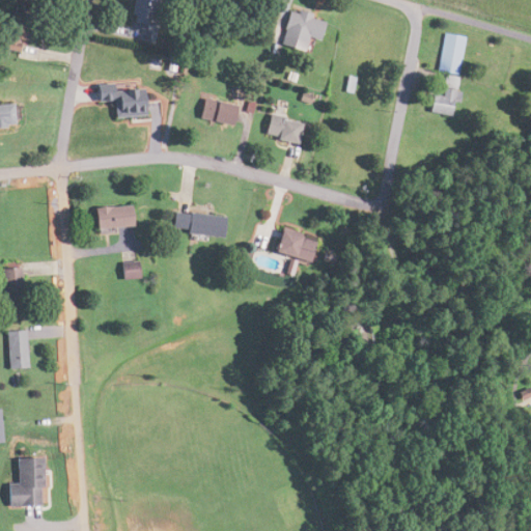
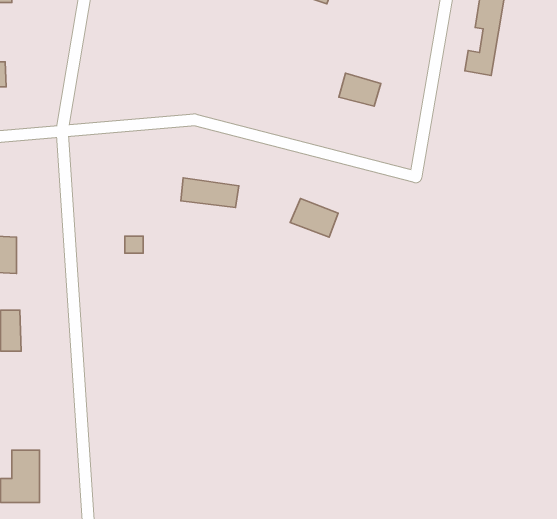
building: [97,84,146,116] -> none
building: [202,99,239,125] -> none
building: [267,113,305,143] -> [339,73,381,106]
building: [96,206,133,227] -> none

